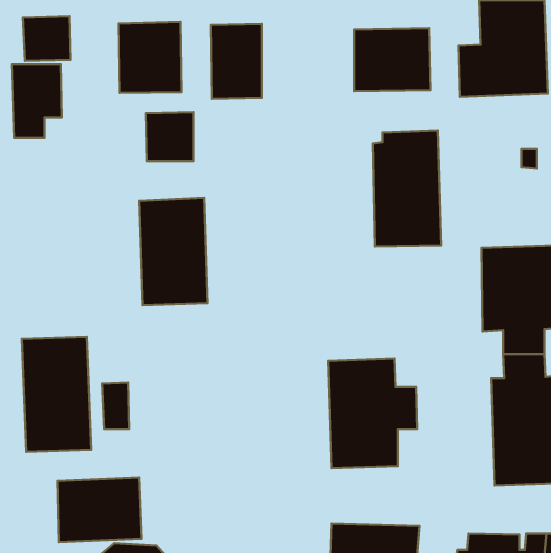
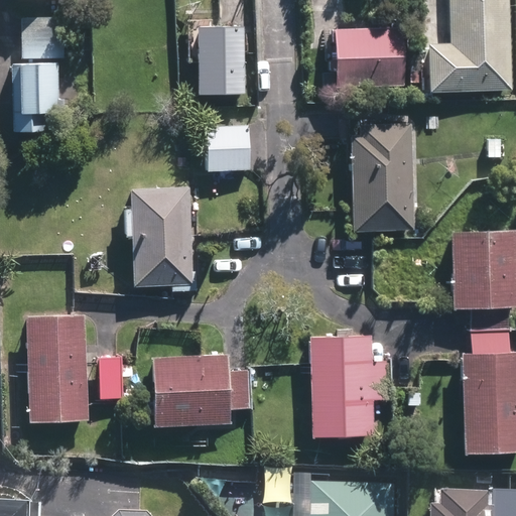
building: [118,22,182,93] -> none
building: [146,112,194,161] -> [210,125,254,170]
building: none -> [151,355,251,426]
building: [57,478,142,542] -> none

